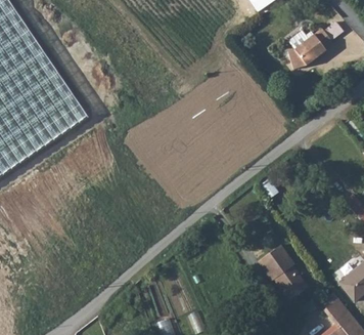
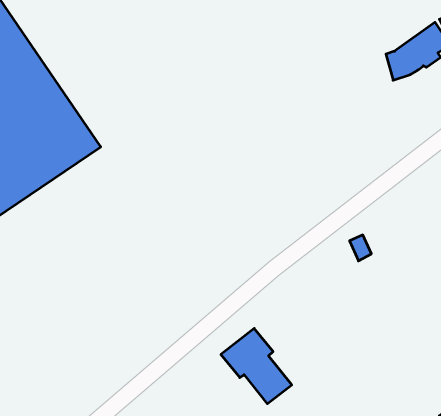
building: [256,245,306,298] -> [221,328,292,404]

